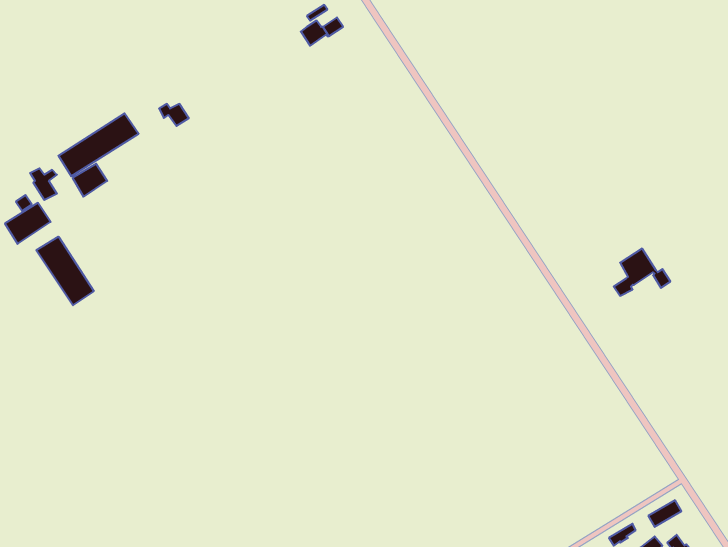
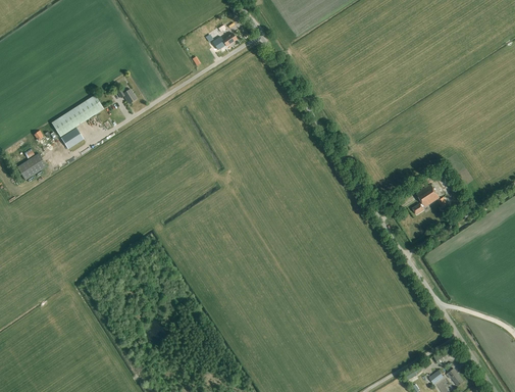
building: [36,237,94,305] -> none

